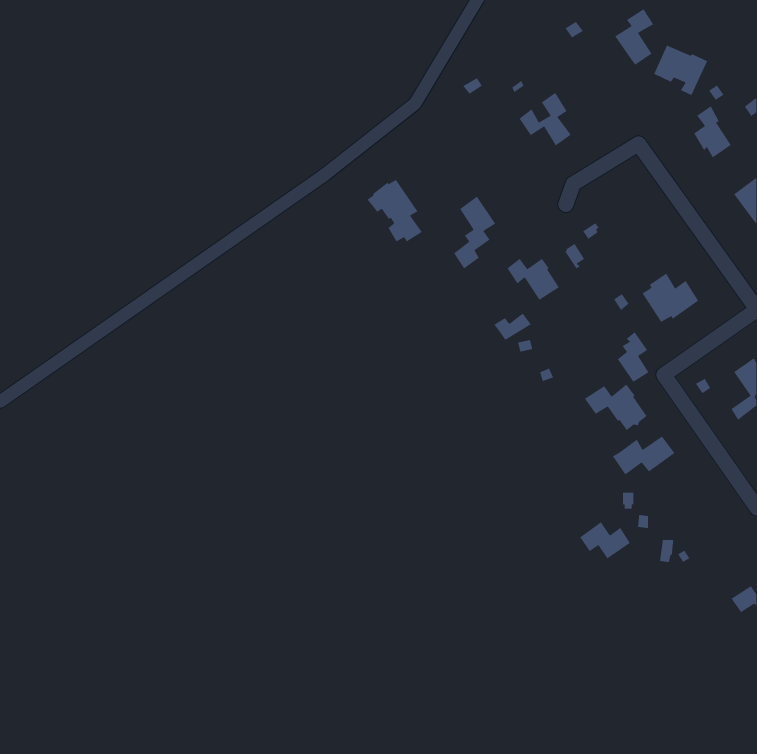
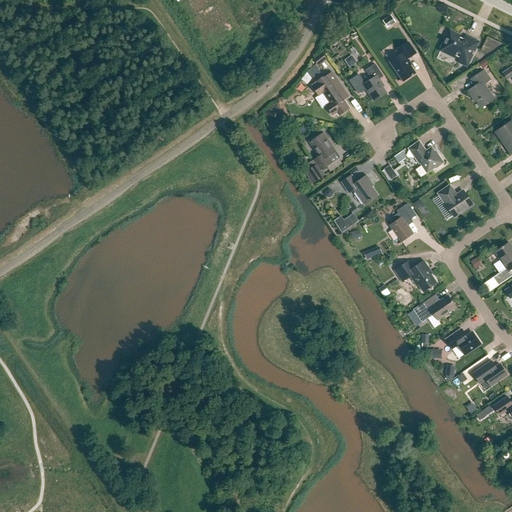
building: [614,8,654,66] -> [389,41,416,80]
building: [367,179,423,242] -> [312,71,350,114]
building: none -> [409,140,444,172]
building: [617,331,650,383] -> [390,205,412,240]
building: [579,521,631,560] -> [445,327,480,353]
building: none -> [472,359,507,385]

